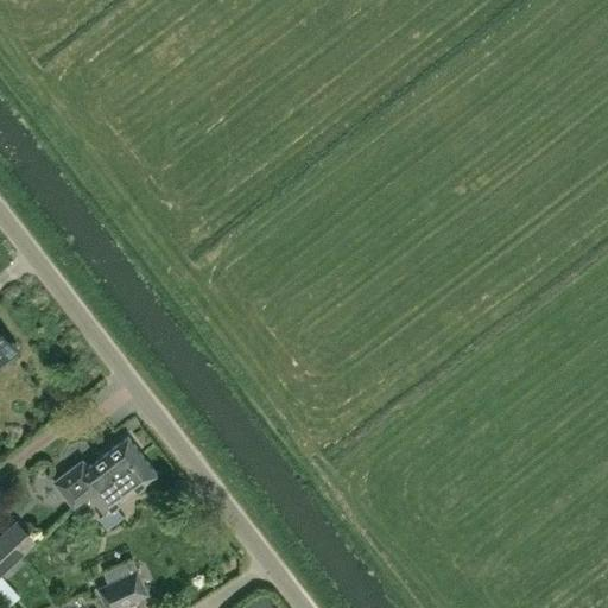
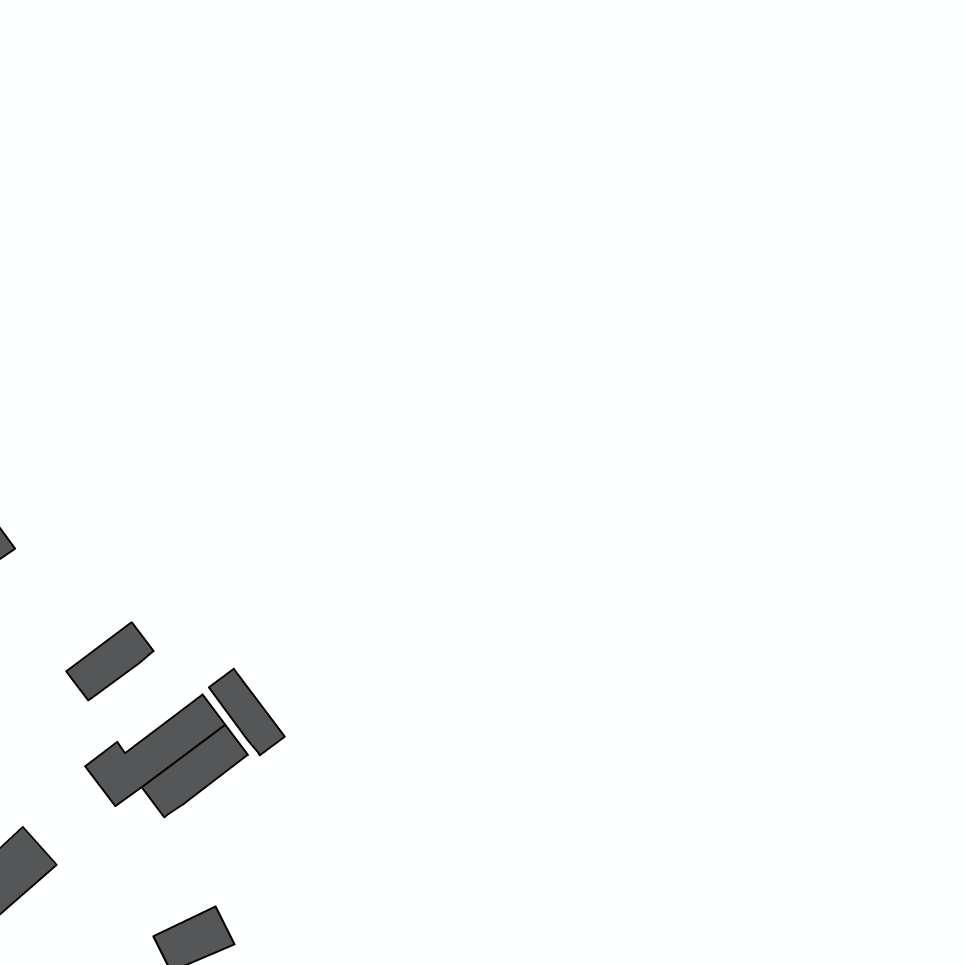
building: none -> [66,622,154,700]
building: none -> [209,669,285,755]

